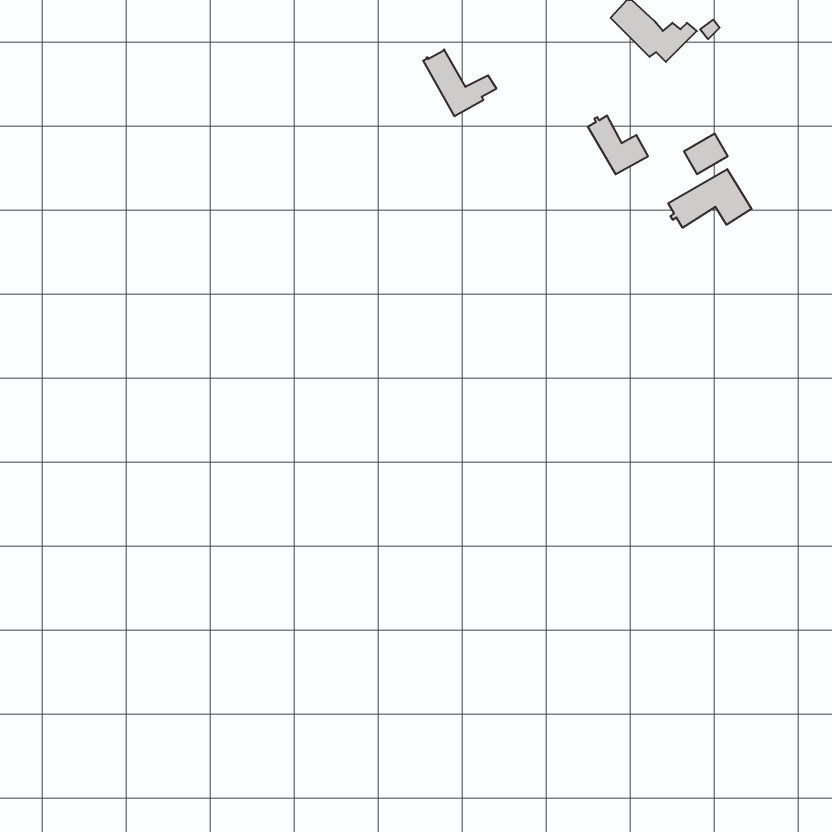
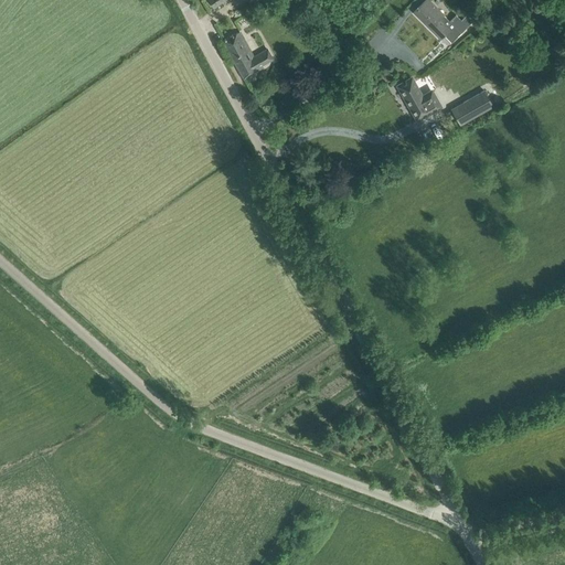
building: [423,49,496,116] -> [223,33,273,78]
building: [668,169,752,228] -> none

